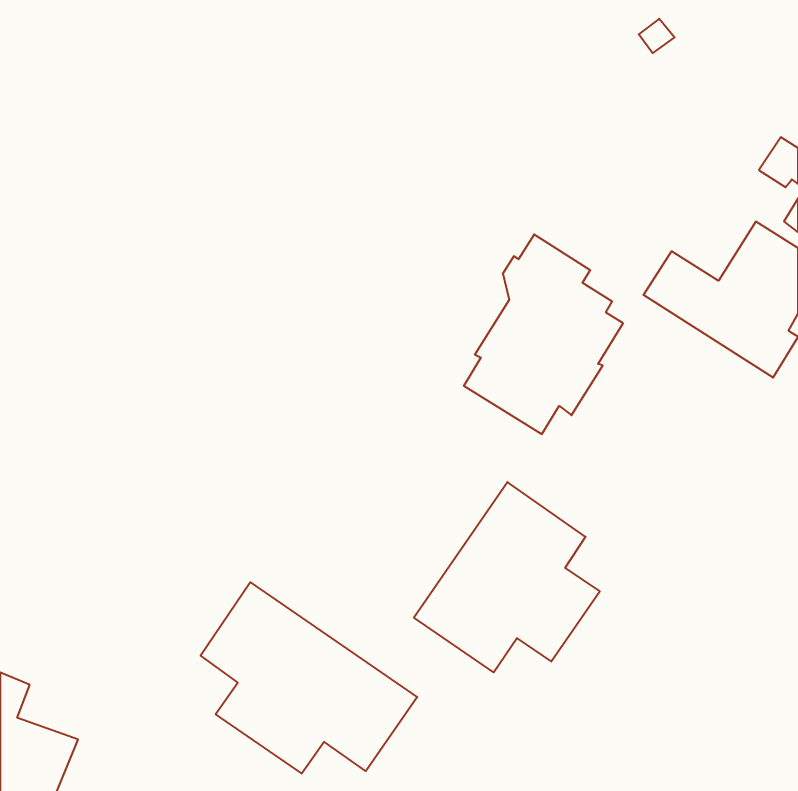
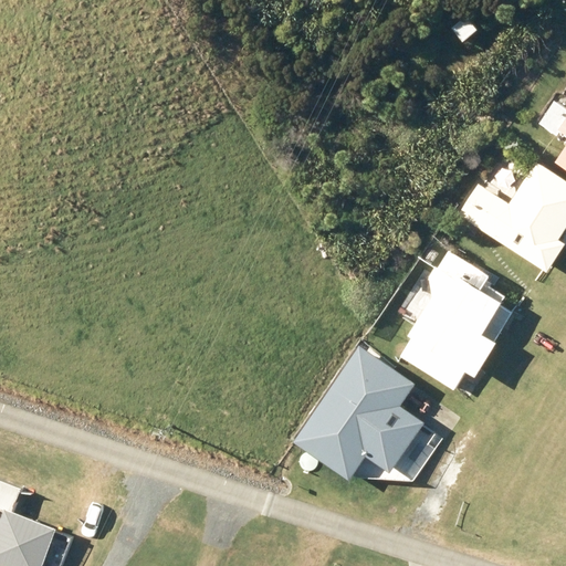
building: [464,234,623,434] -> [399,250,512,391]
building: [201,582,417,774] -> none

